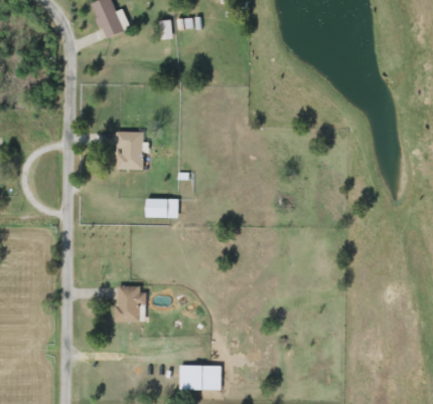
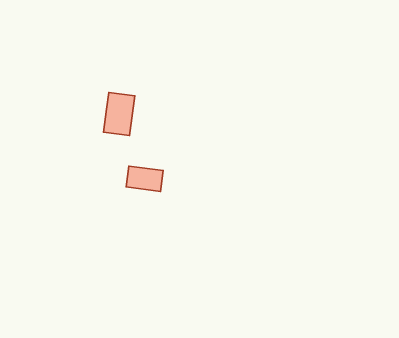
building: [116,286,144,322] -> none

